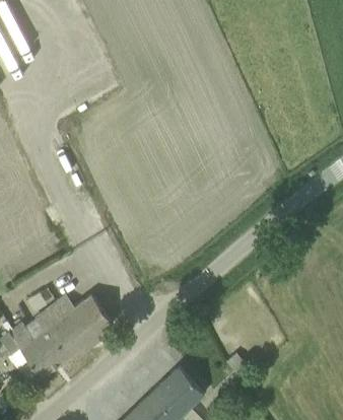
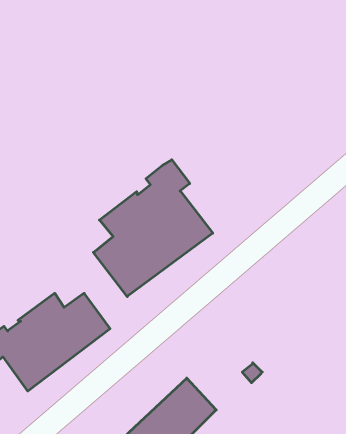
building: none -> [93,160,213,297]

